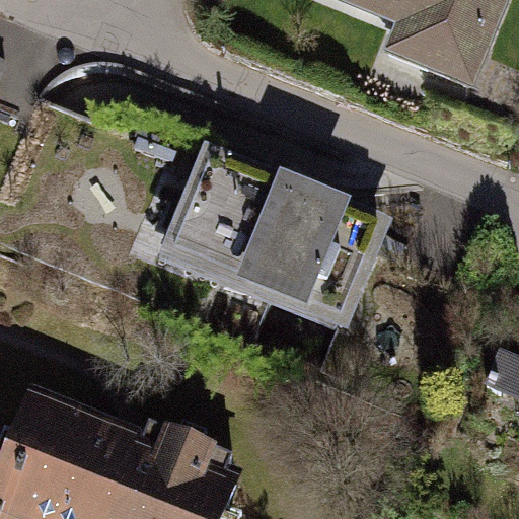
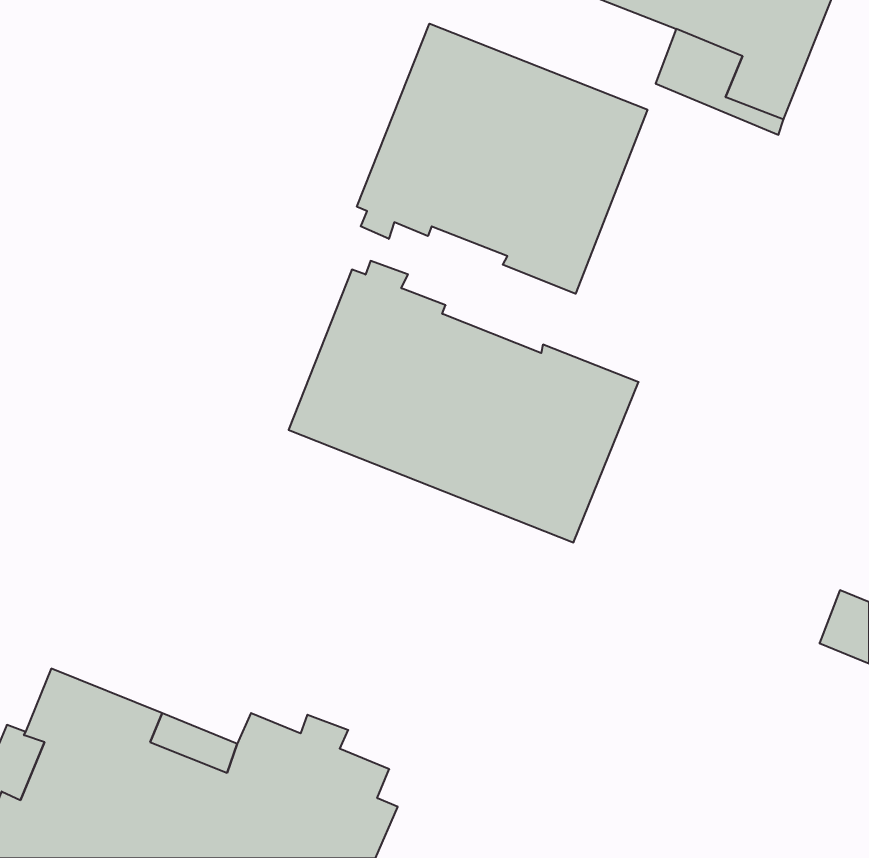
building: none -> [357,24,647,294]

